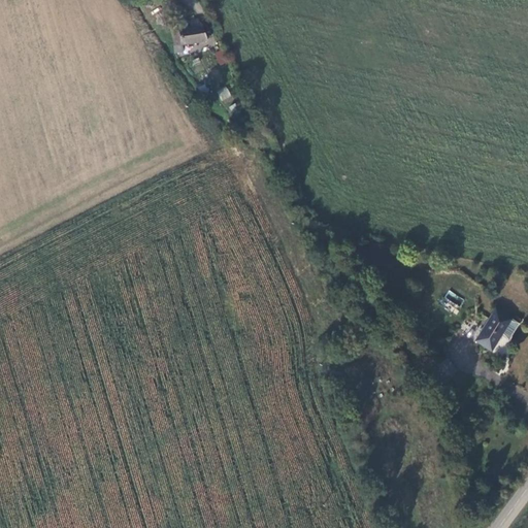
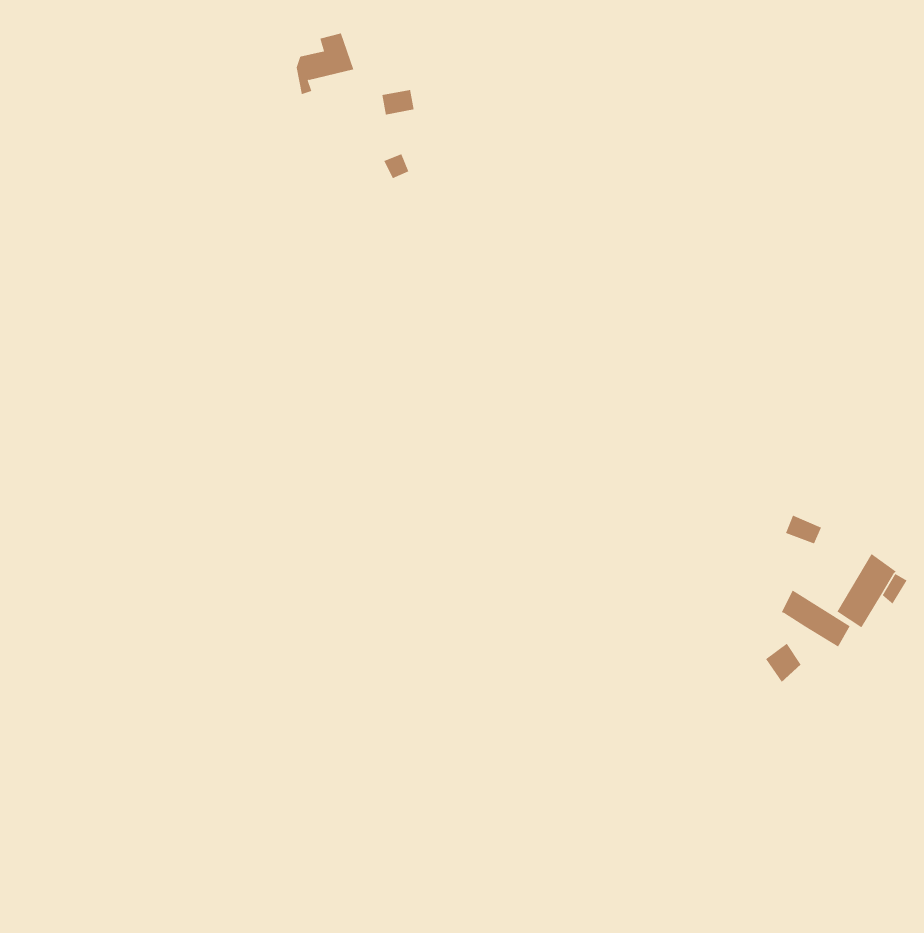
building: none -> [781,590,851,648]

